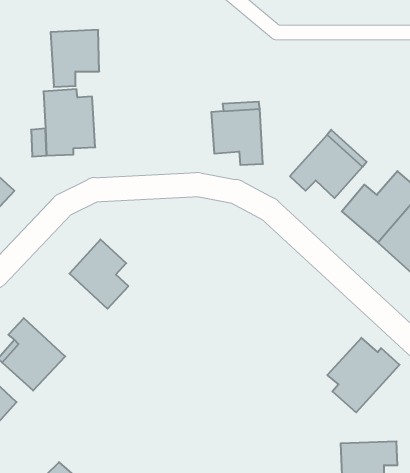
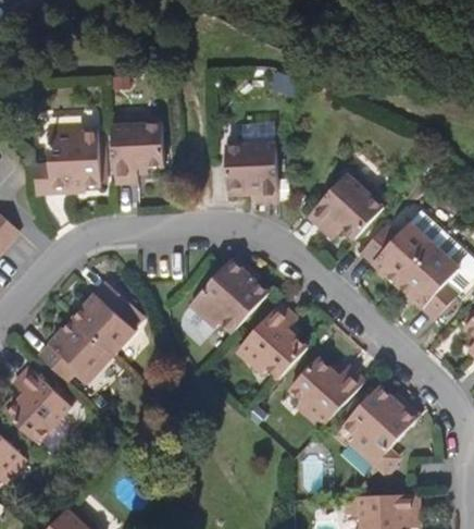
building: [51,30,99,87] -> [111,123,162,183]
building: none -> [188,253,267,331]
building: none -> [240,302,308,379]
building: none -> [39,318,114,381]
building: none -> [289,355,365,422]

